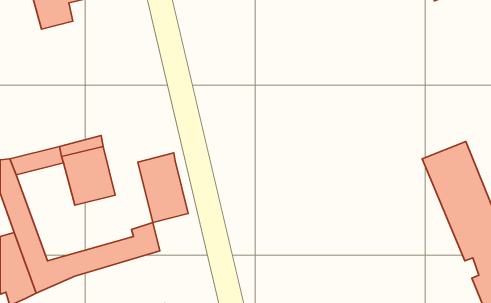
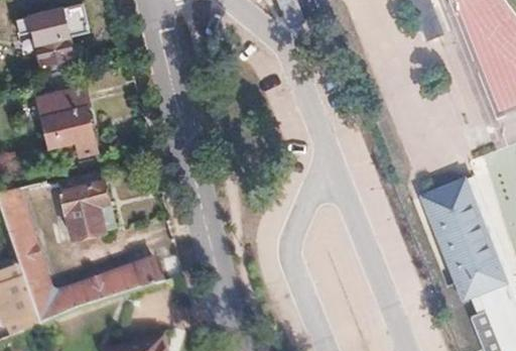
building: none -> [36,89,95,156]
building: [138,153,188,222] -> none

